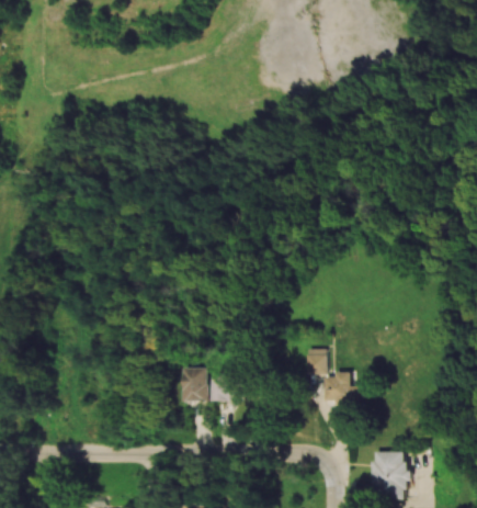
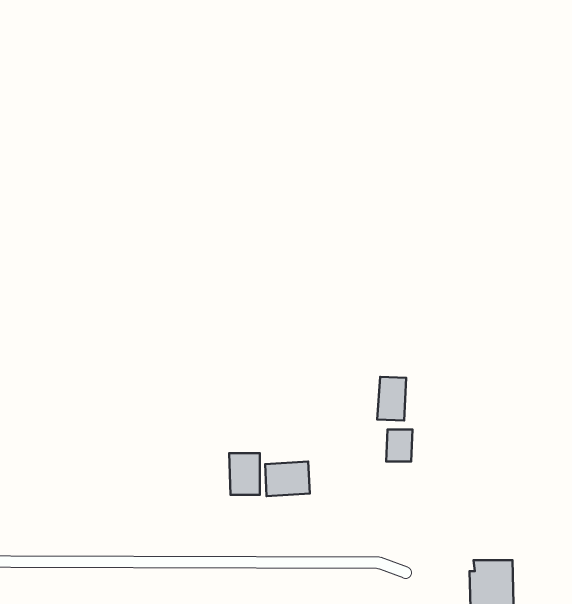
building: none -> [377,377,406,421]
building: [325,371,360,404] -> none

